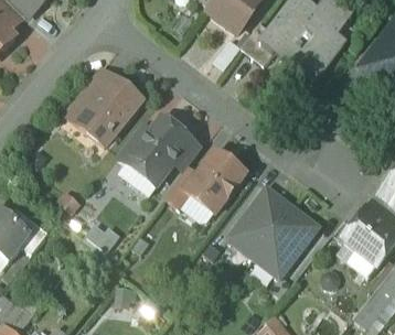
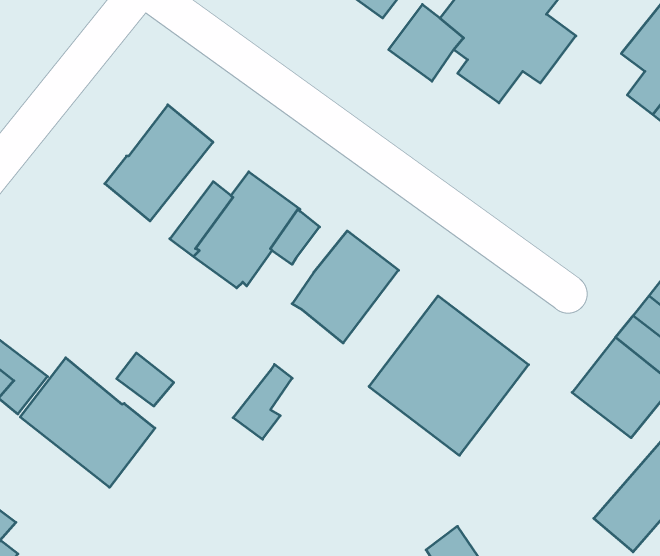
building: [66,69,116,125] -> none
building: [164,166,198,208] -> [233,364,292,439]
building: none -> [20,358,155,487]

